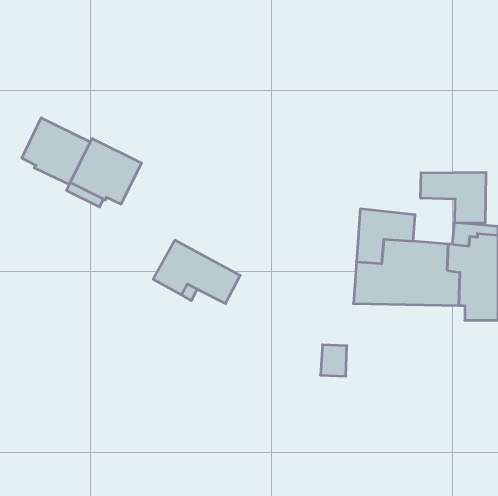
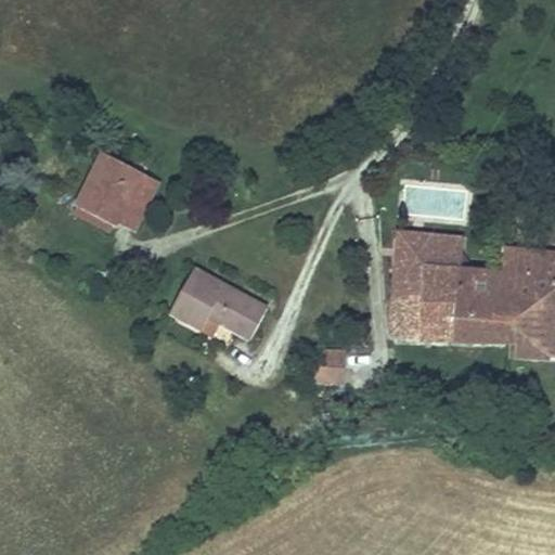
building: [22,118,90,185] -> none
building: [421,172,486,223] -> none
building: [320,345,347,376] -> [315,348,345,383]

